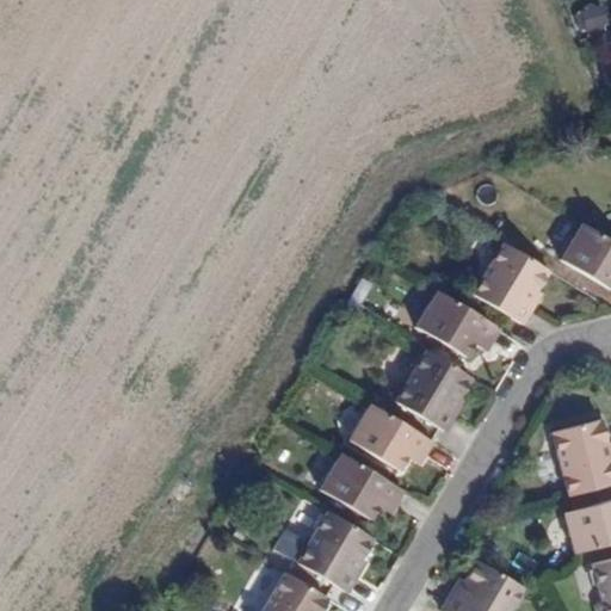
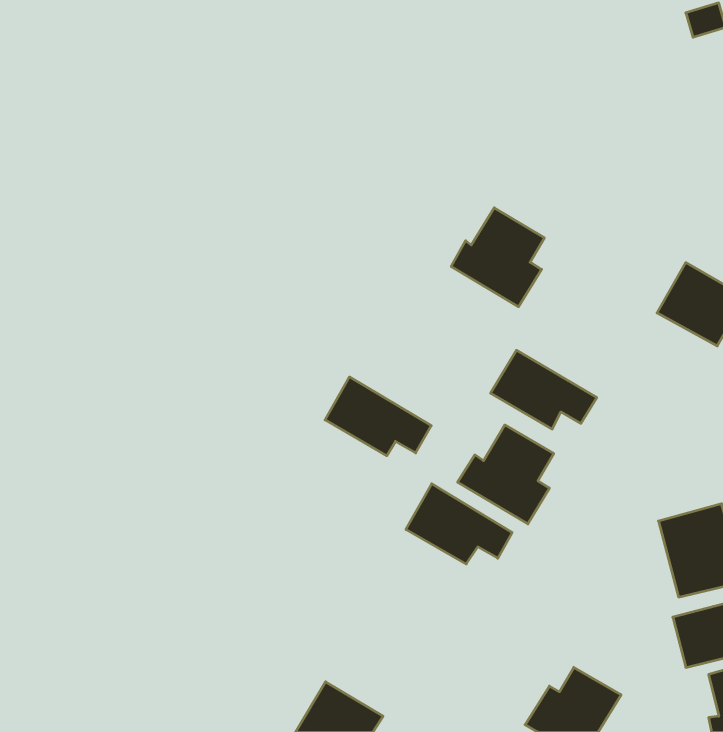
building: [464,242,542,325] -> [451,208,544,307]
building: [319,450,407,516] -> [325,377,431,456]
building: [294,507,379,593] -> none

